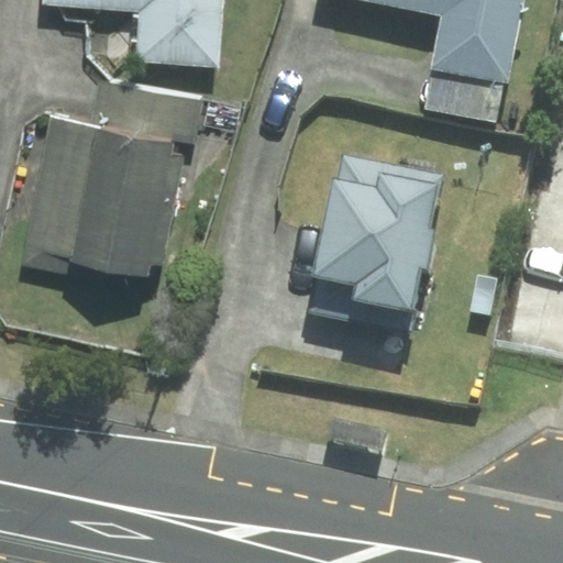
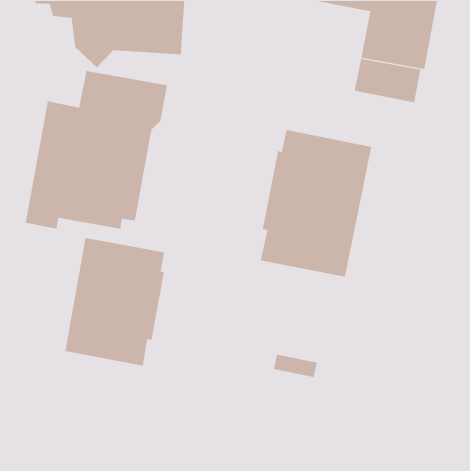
building: none -> [64,237,165,366]

